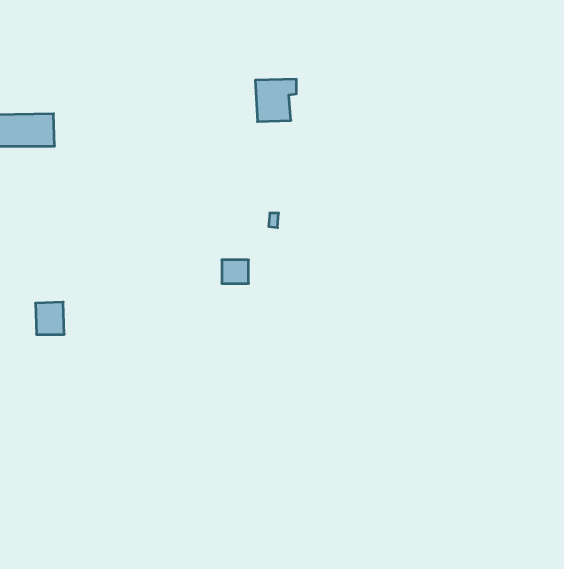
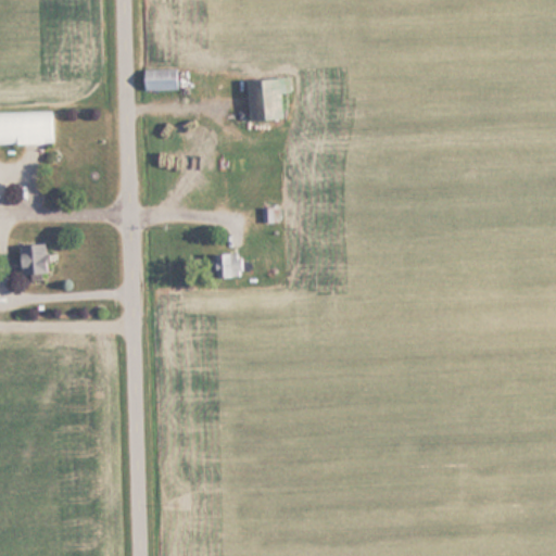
building: none -> [141,70,177,89]
building: [35,302,64,334] -> [20,244,48,276]

